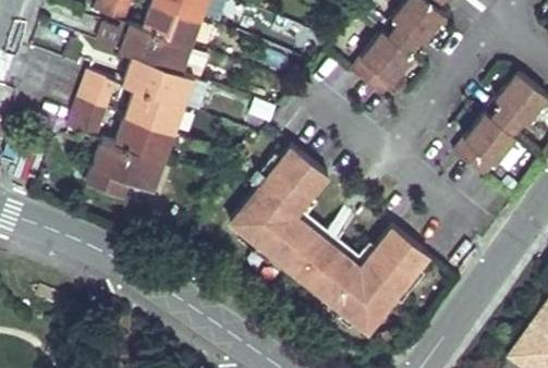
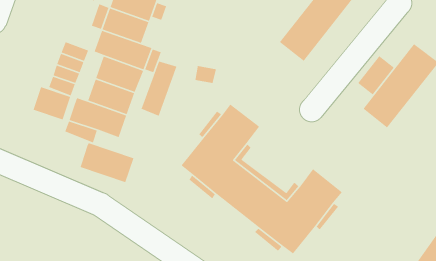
building: none -> [357,55,395,95]
building: none -> [141,60,177,117]
building: none -> [32,86,71,121]
building: none -> [80,142,135,183]

